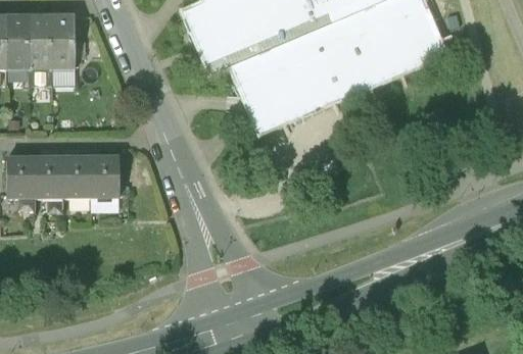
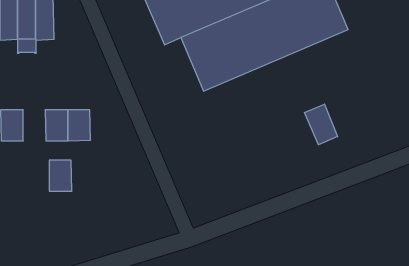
building: none -> [305,104,338,145]
building: [34,157,62,196] -> [49,160,72,191]

